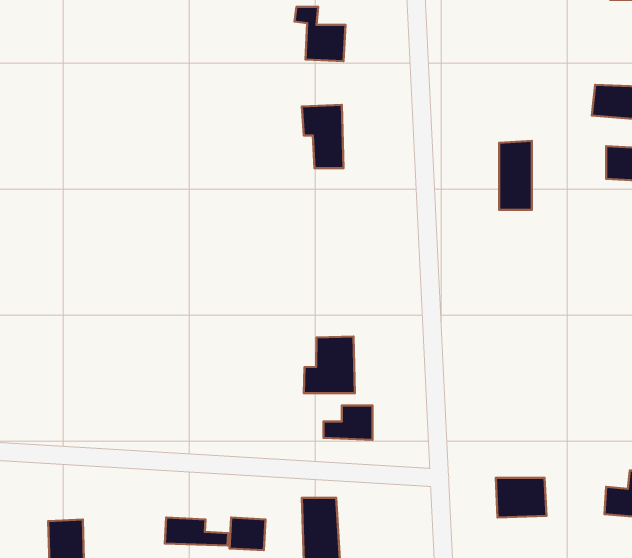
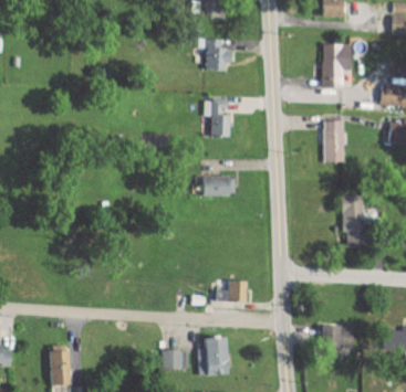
building: none -> [322,43,351,86]
building: none -> [202,176,235,195]
building: none -> [341,194,365,246]
building: [304,336,355,393] -> none
building: [165,518,228,545] -> none

